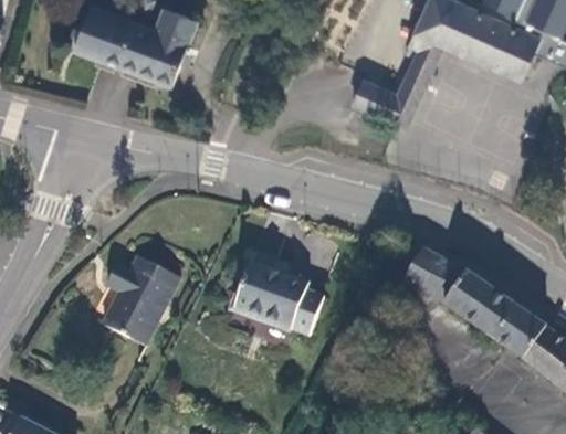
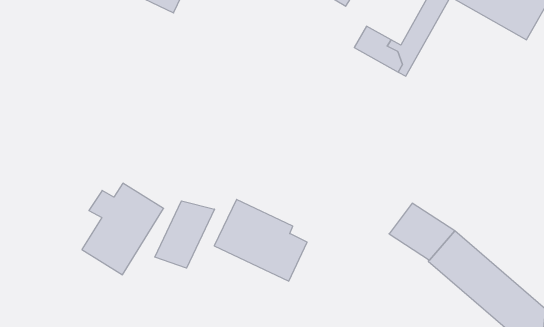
building: none -> [155,201,214,268]

